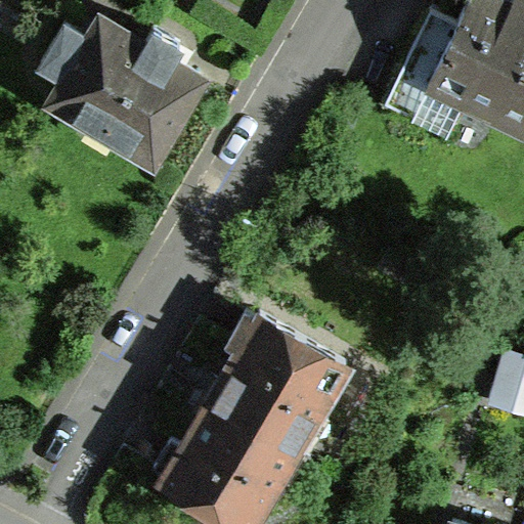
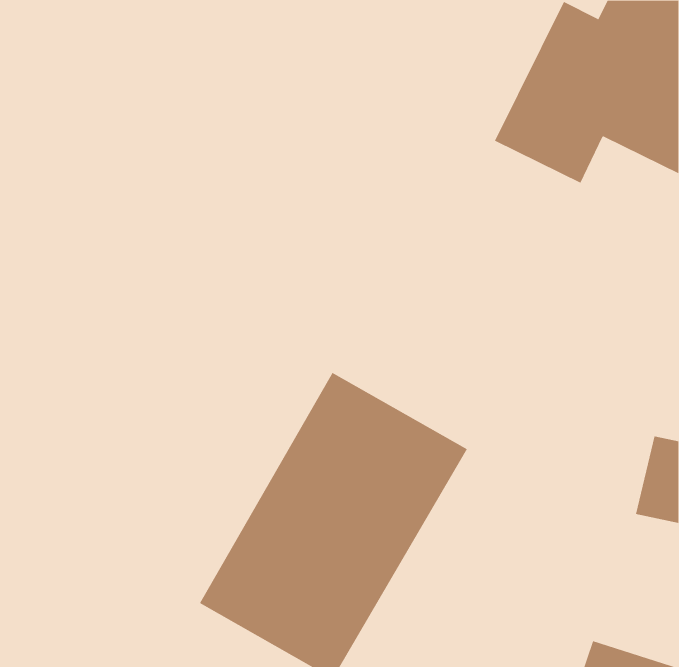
building: [37,15,216,178] -> none

